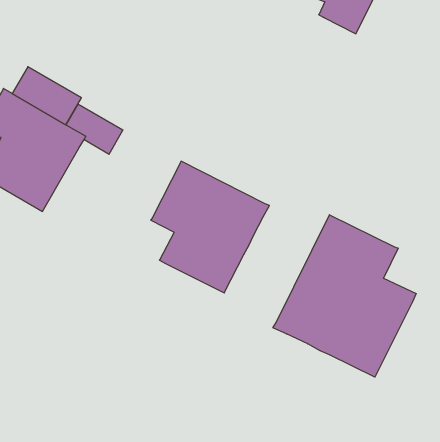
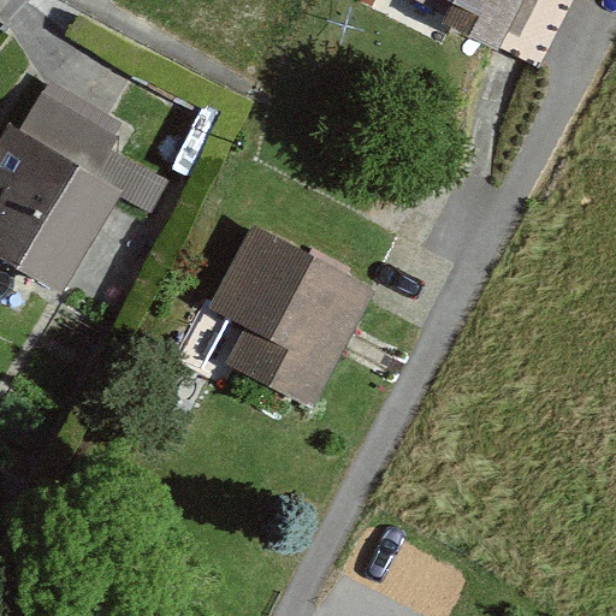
building: [273,215,416,377] -> none

